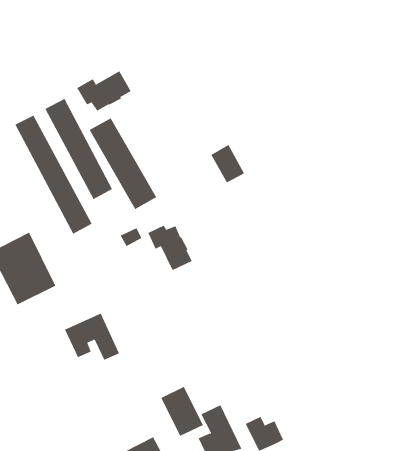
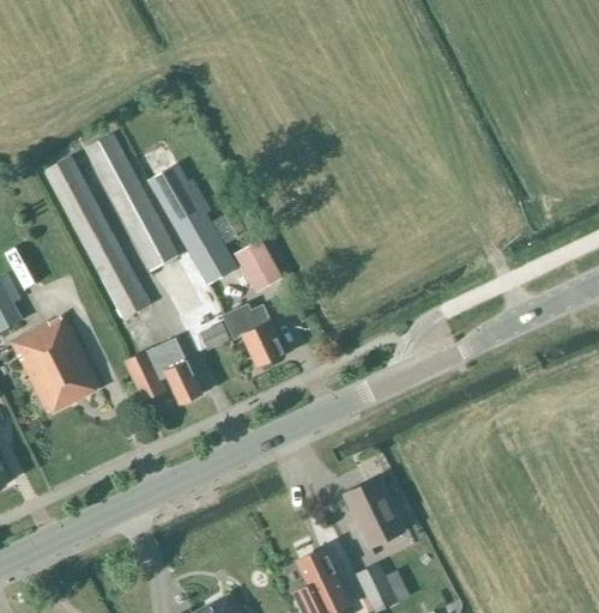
building: [77,71,132,112] -> none
building: [210,144,245,183] -> [235,239,282,292]
building: [64,313,120,361] -> [126,339,201,403]
building: [160,386,204,437] -> [345,479,404,547]

